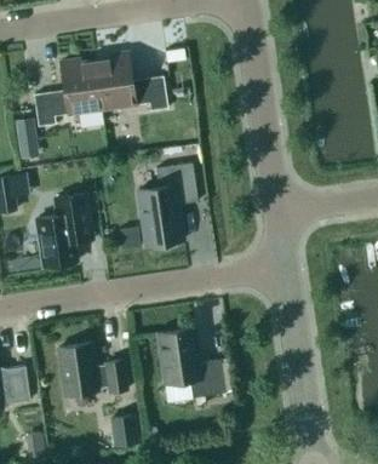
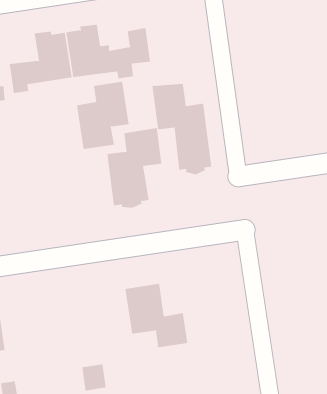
building: none -> [152,83,212,175]
building: [35,194,92,267] -> [76,81,130,149]
building: [57,343,126,396] -> none

